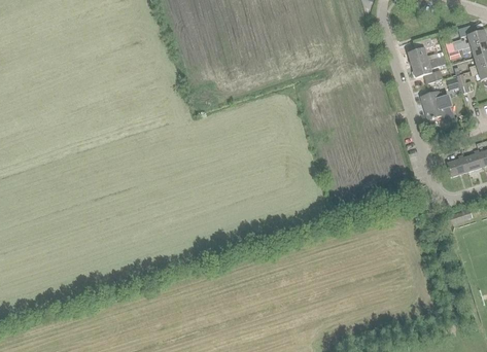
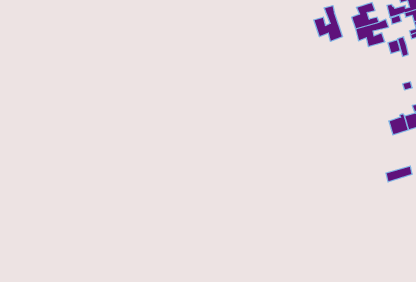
building: none -> [314,6,343,41]
building: [422,91,456,118] -> none

